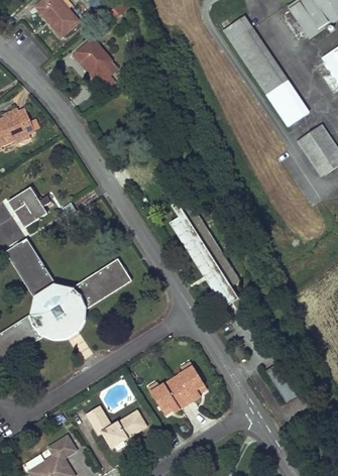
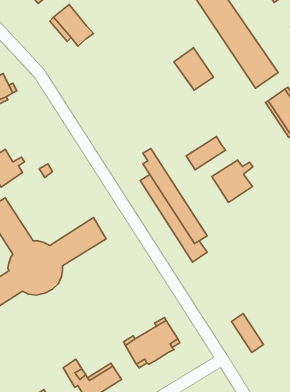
building: none -> [174,48,213,90]
building: none -> [186,136,226,170]
building: none -> [212,160,253,202]

